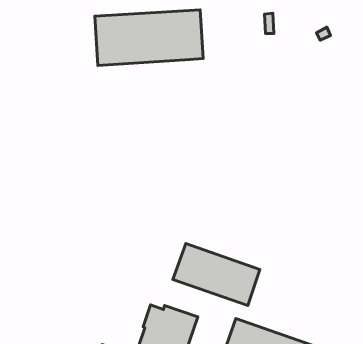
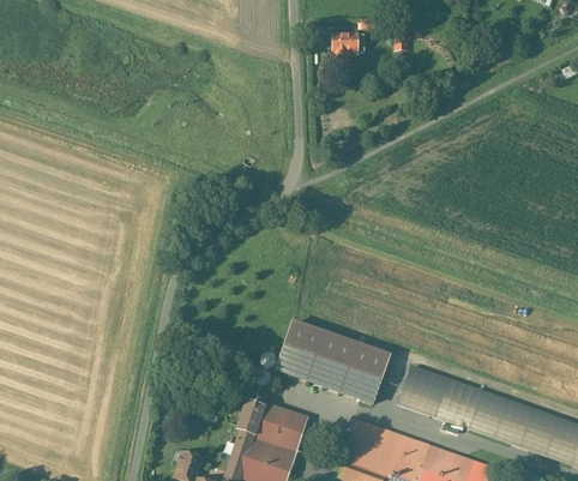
building: [95,10,203,66] -> none
building: none -> [331,34,357,66]

